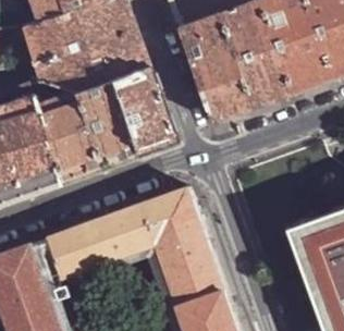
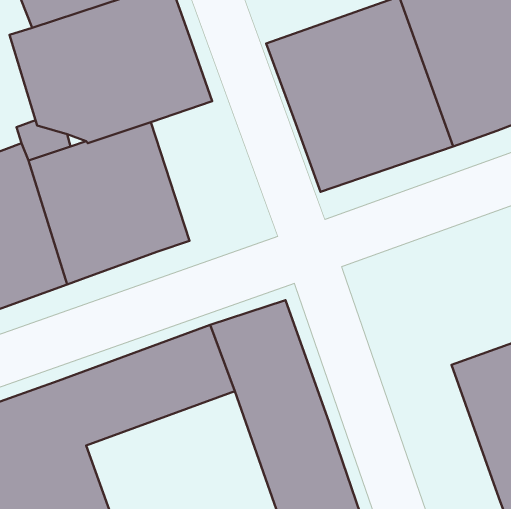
building: [108,64,172,151] -> none

